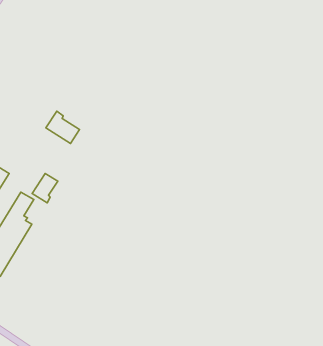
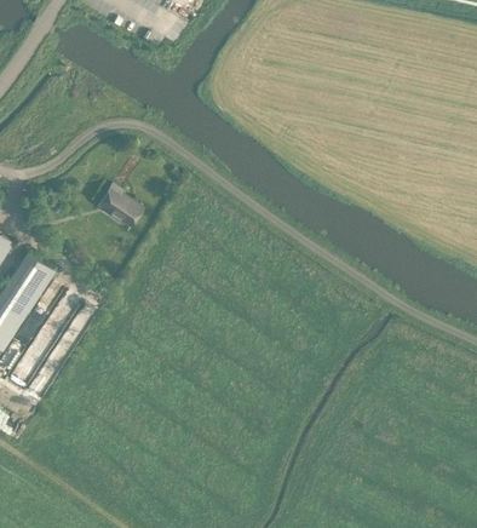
building: [32,173,58,203] -> none

